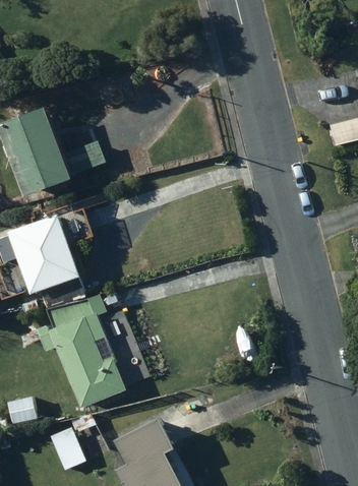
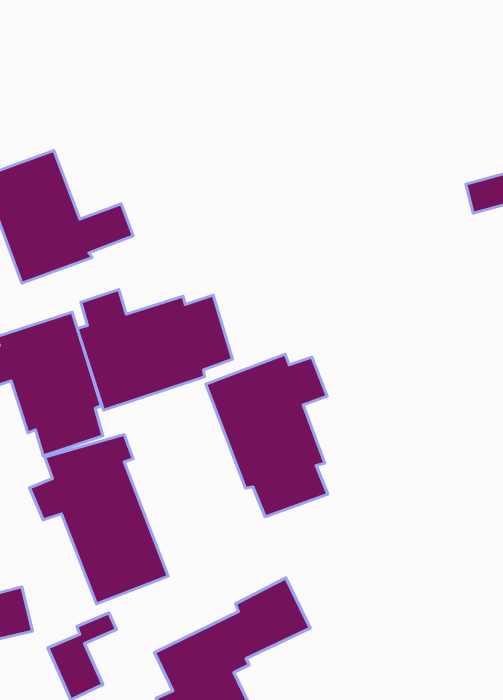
building: none -> [77,289,233,410]
building: none -> [206,354,328,517]

